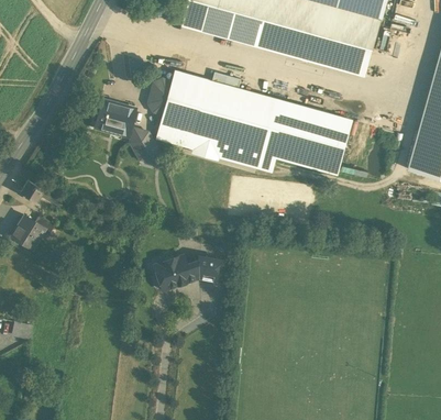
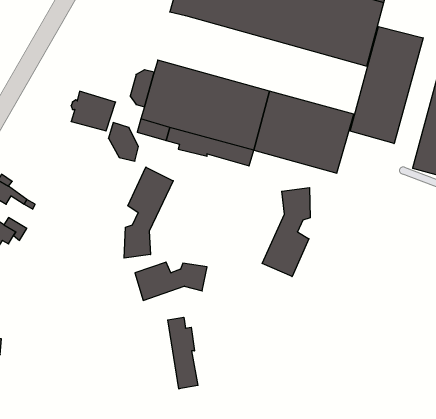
building: none -> [350,27,423,144]
building: none -> [124,167,173,258]
building: none -> [262,188,310,277]
building: none -> [168,317,198,389]

